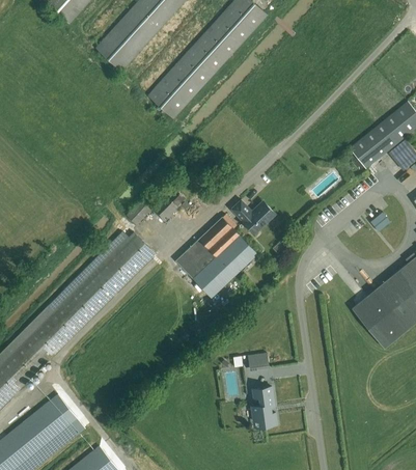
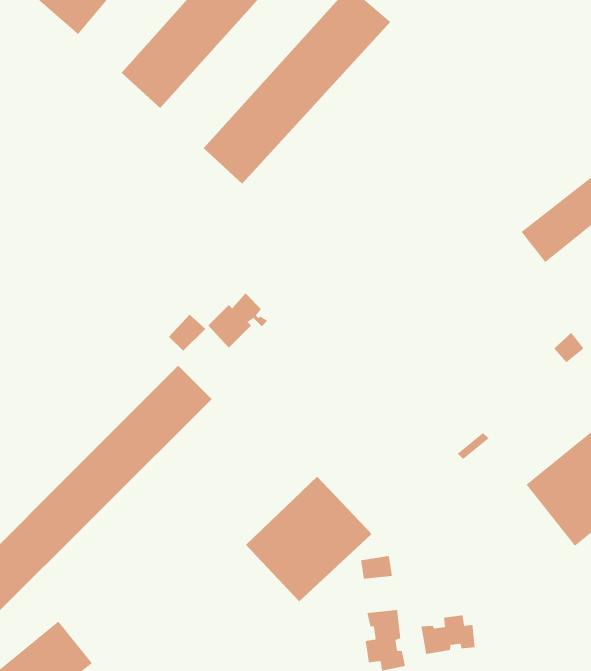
building: [231,200,274,233] -> none
building: [176,218,257,298] -> [245,476,373,602]
building: none -> [420,614,475,655]

